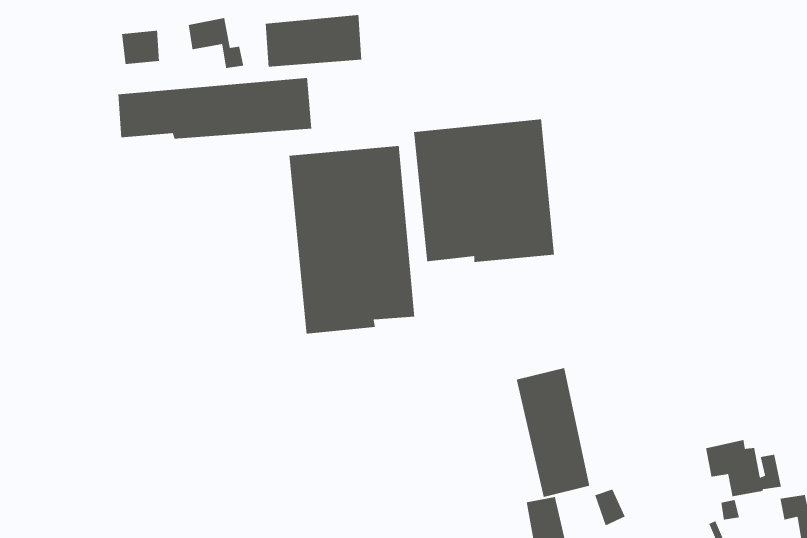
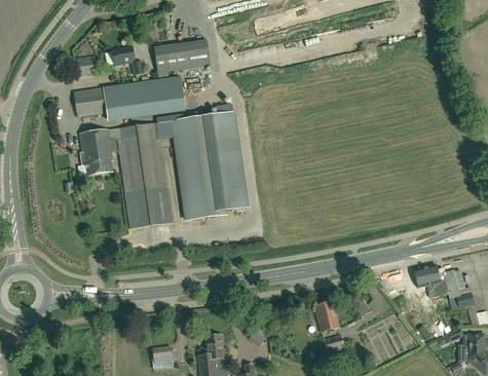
building: [413,119,555,263] -> none
building: none -> [79,122,173,228]
building: [516,367,590,498] -> none

